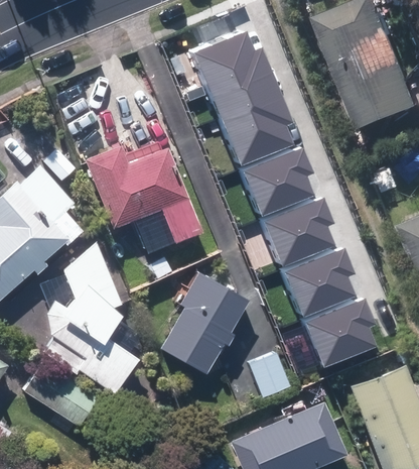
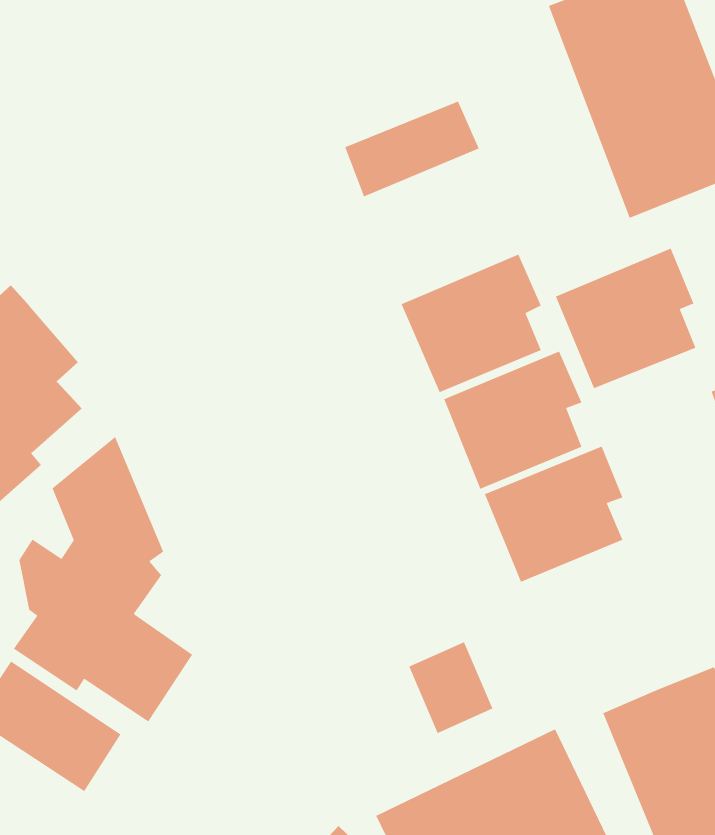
building: [196,32,272,94] -> none
building: [223,95,296,168] -> [555,248,696,389]
building: [83,142,200,251] -> none
building: [157,272,246,374] -> none
building: [305,299,378,371] -> none

